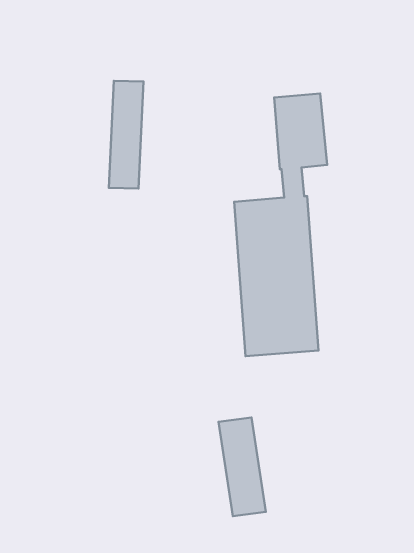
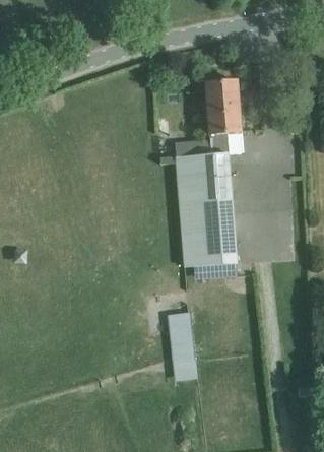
building: [109,81,143,188] -> none

